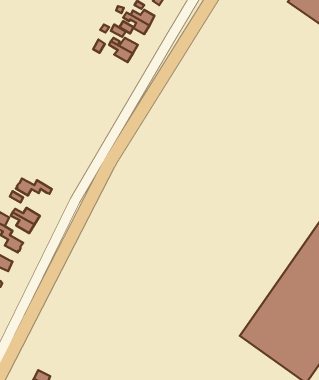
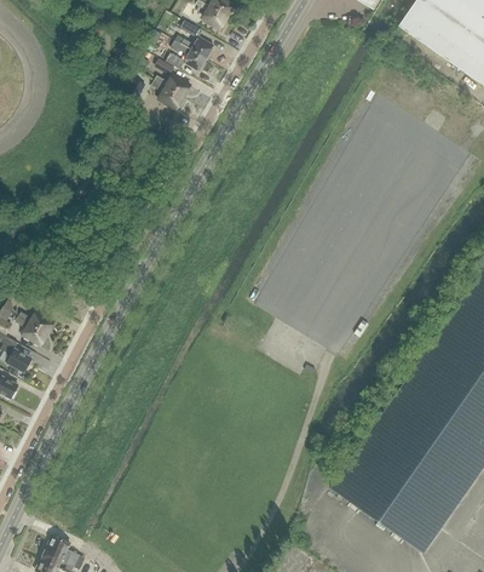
building: [16,179,52,196] -> none

